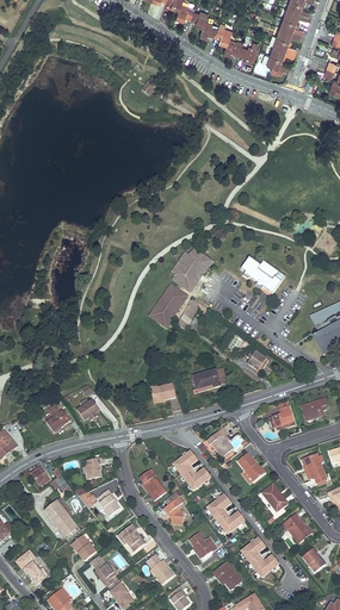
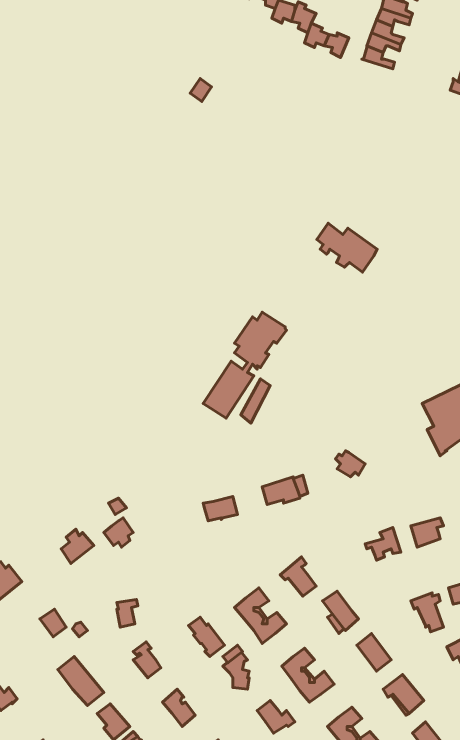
building: [241,256,285,292] -> [317,223,377,272]

